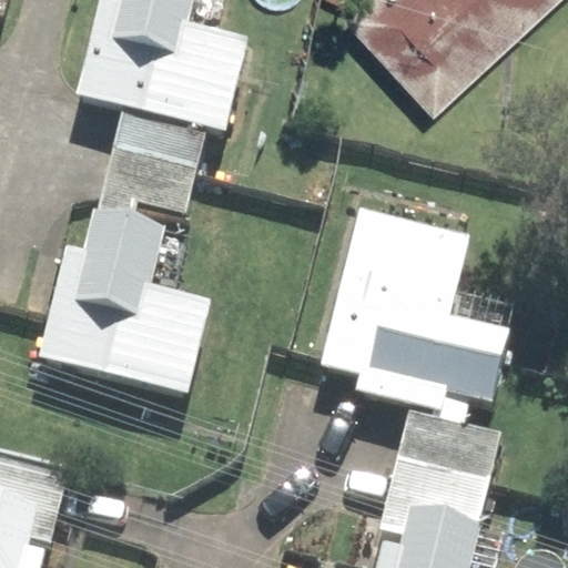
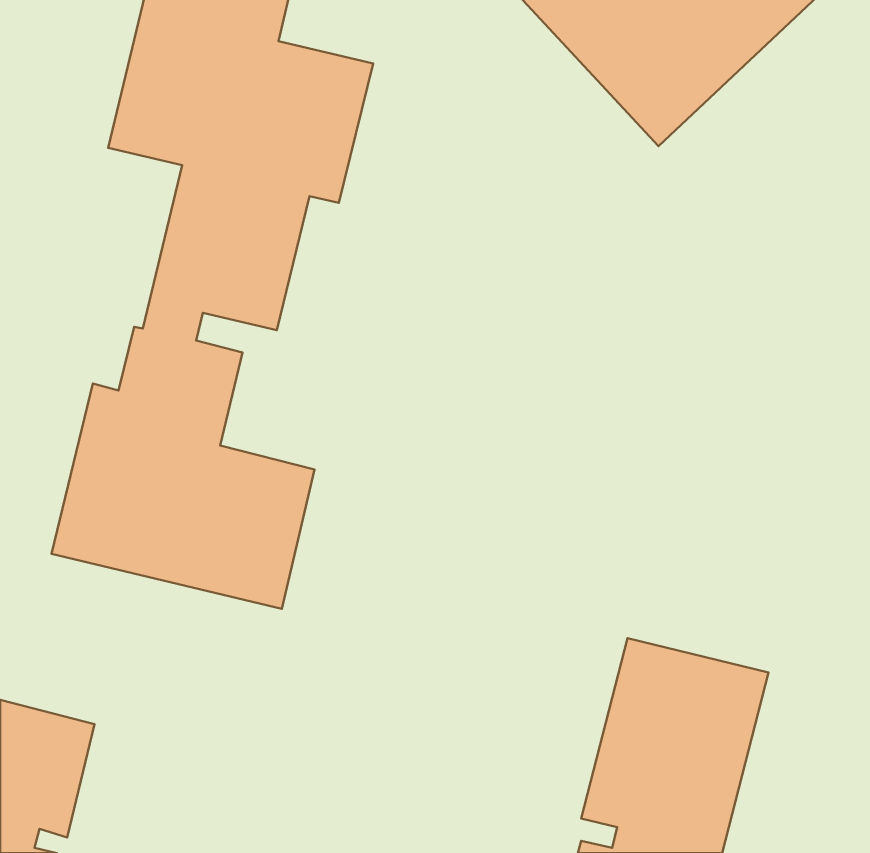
building: [320,209,508,412] -> none

